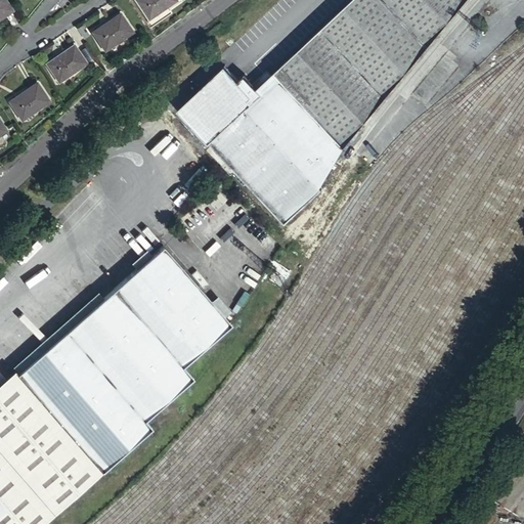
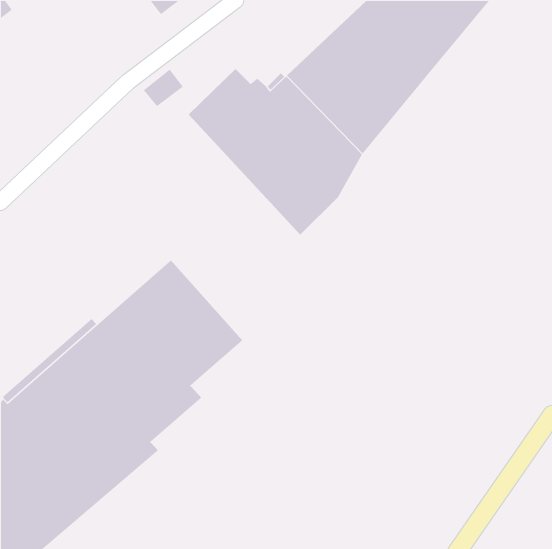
building: [96,15,135,52] -> [143,68,184,107]
building: [53,51,90,87] -> none
building: [11,85,48,121] -> none

